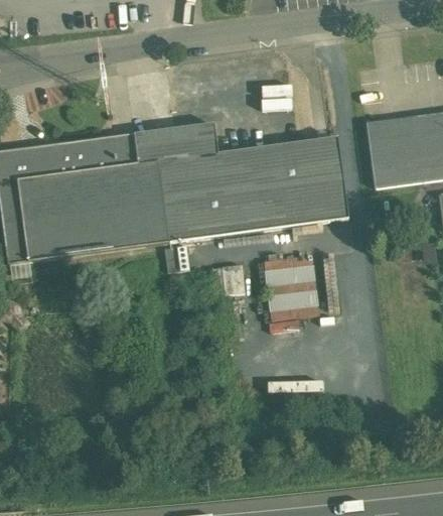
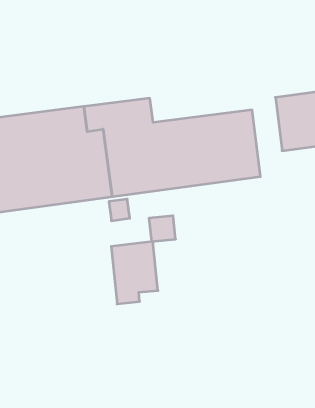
building: [264,257,320,333] -> [111,241,158,304]

